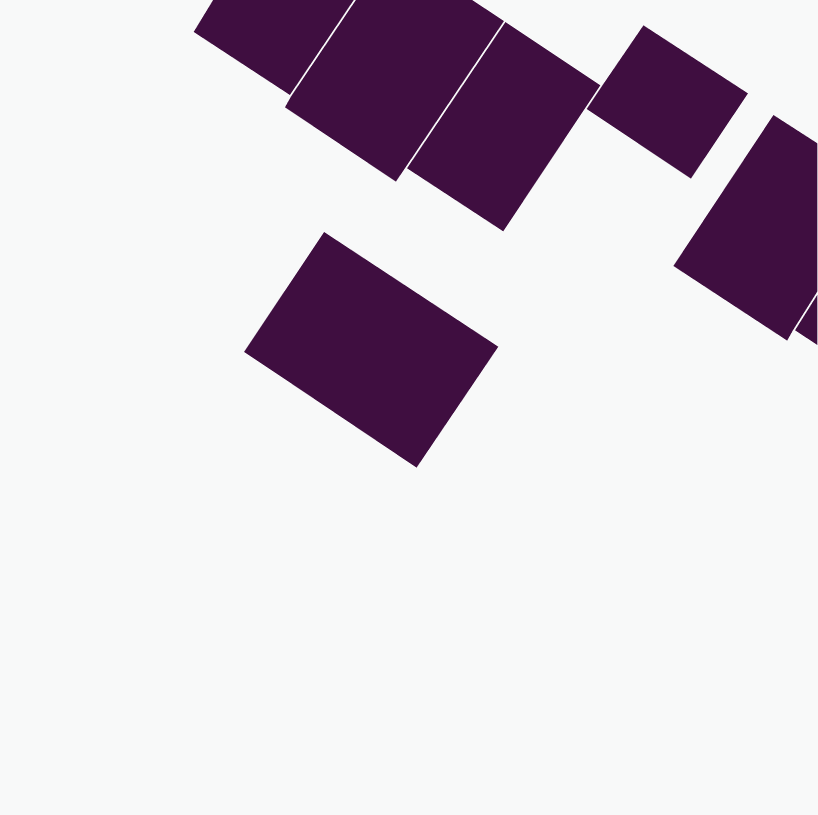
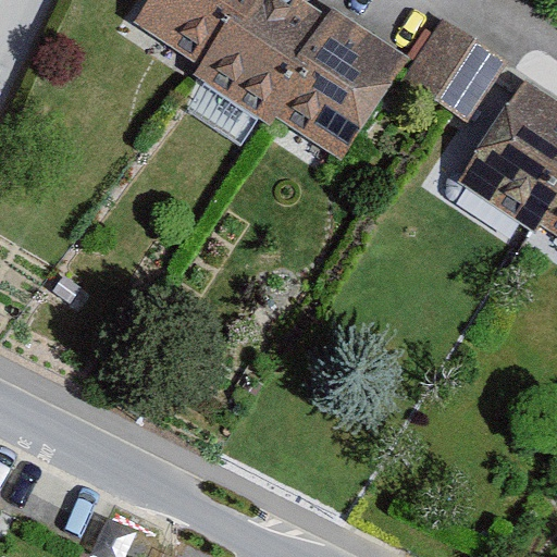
building: [243,231,500,469] -> none

